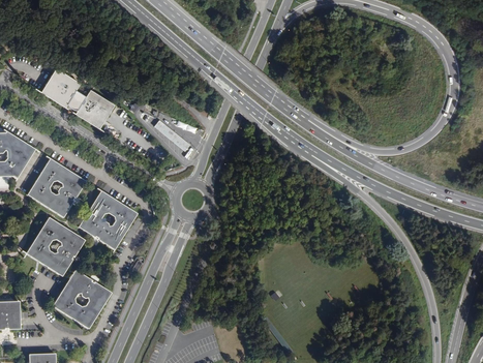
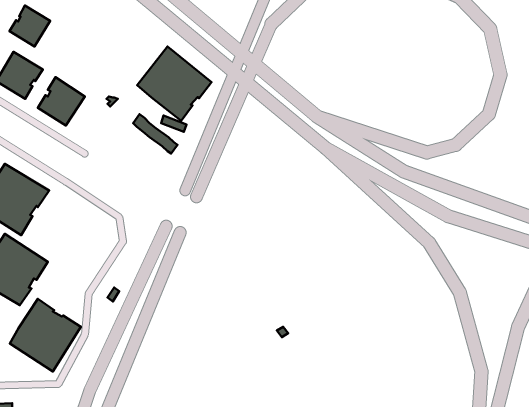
building: none -> [9,6,50,47]
building: none -> [137,47,212,121]
building: [78,190,135,249] -> none

